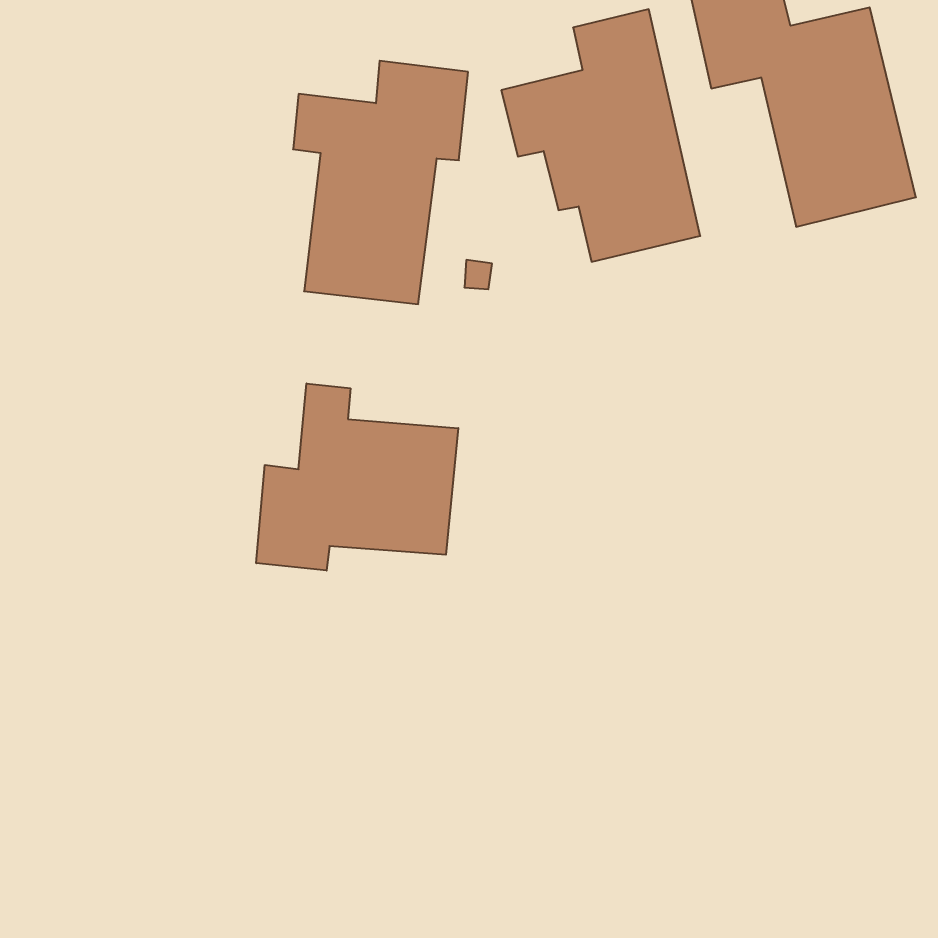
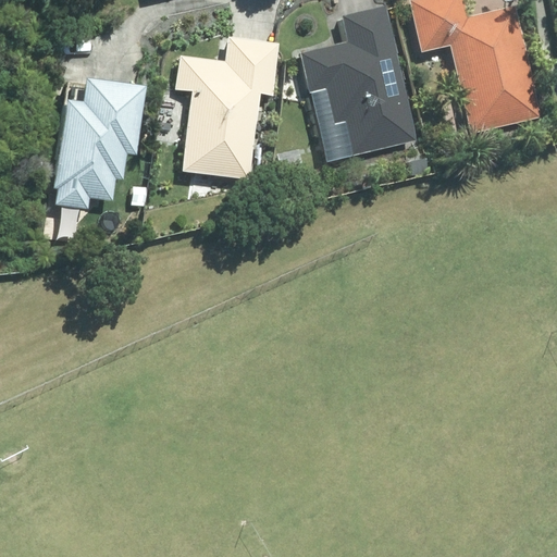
building: none -> [53,78,145,197]
building: [256,383,458,571] -> none

